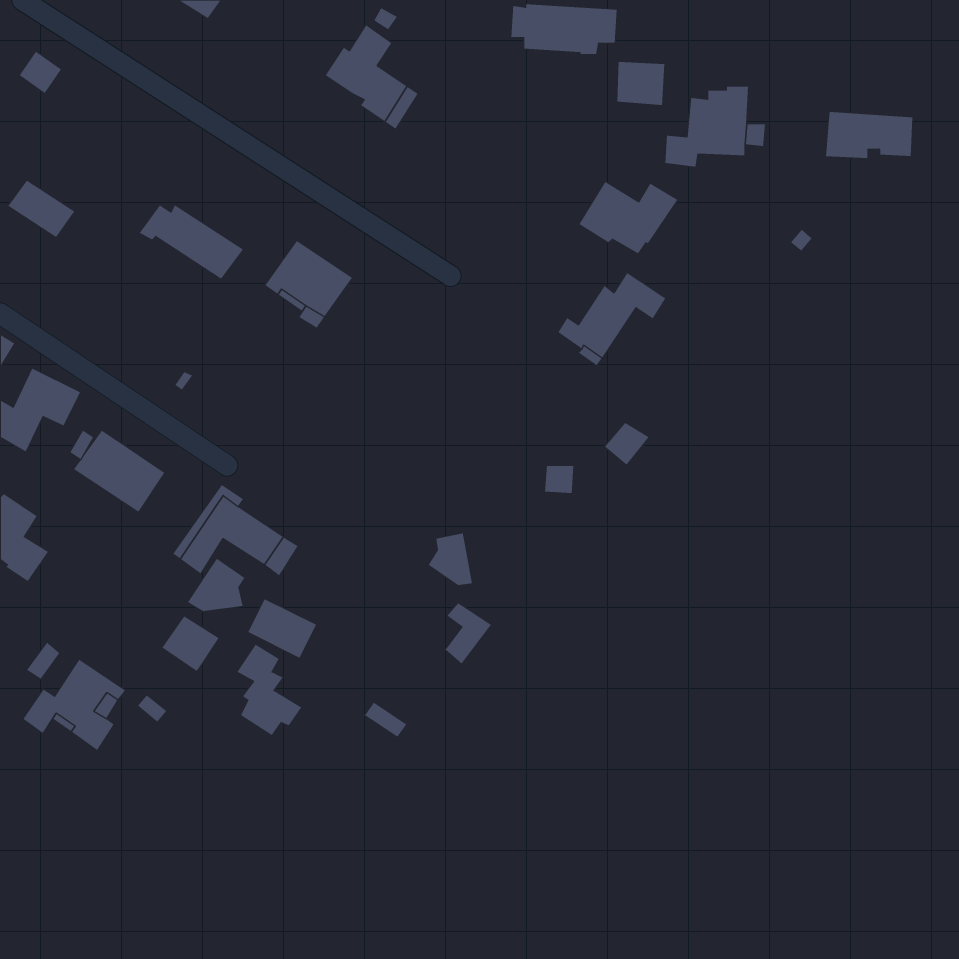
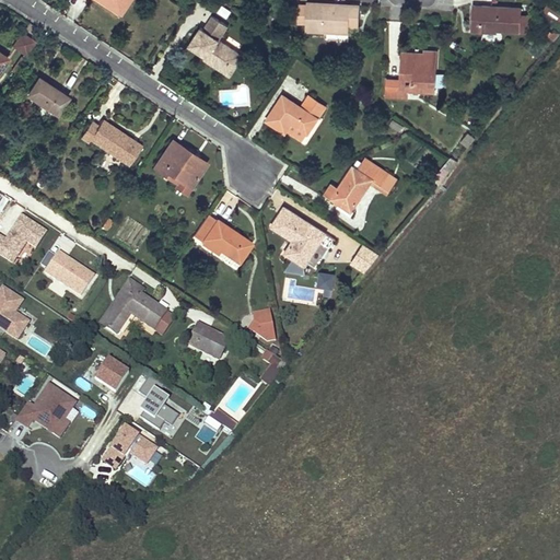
building: [617,61,665,106] -> none
building: [825,112,913,158] -> [470,4,522,32]
building: [8,180,75,238] -> [28,78,68,112]
building: [579,181,678,254] -> [267,95,325,138]
building: none -> [271,207,325,265]
building: none -> [195,213,252,265]
building: [187,558,245,612] -> none
building: [247,598,317,658] -> [187,324,228,359]
building: none -> [101,427,155,469]

